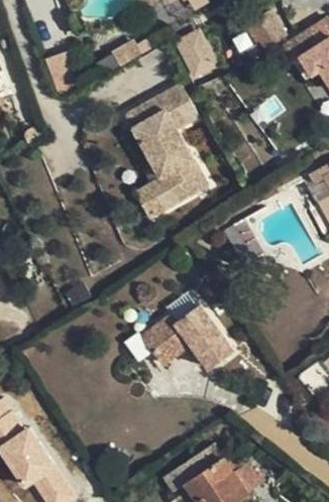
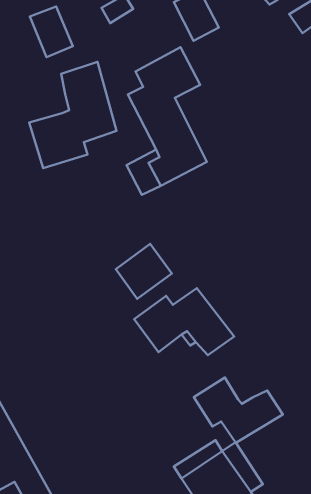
building: none -> [29,62,117,168]
building: none -> [116,244,172,299]
building: none -> [194,377,283,443]

